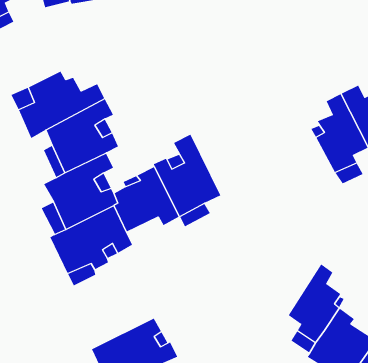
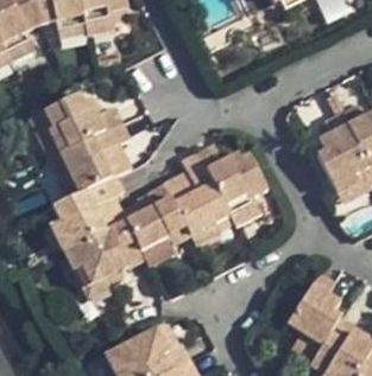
building: none -> [200,144,265,222]

